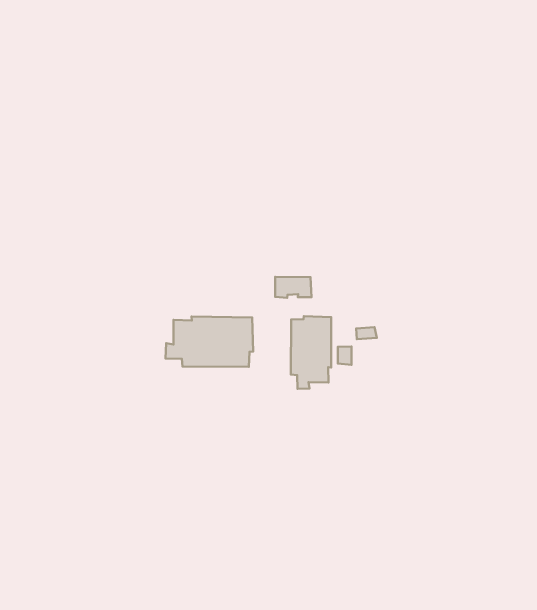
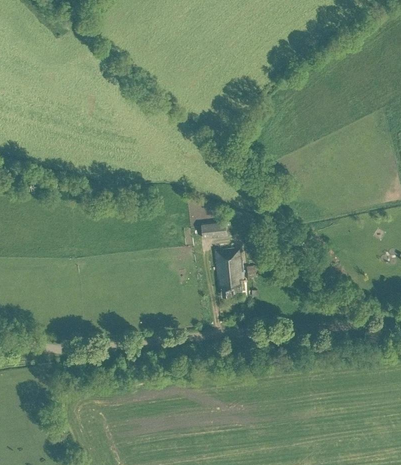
building: [165,317,253,367] -> none

